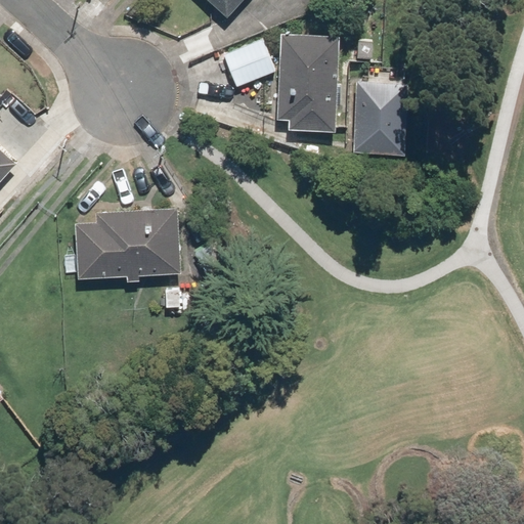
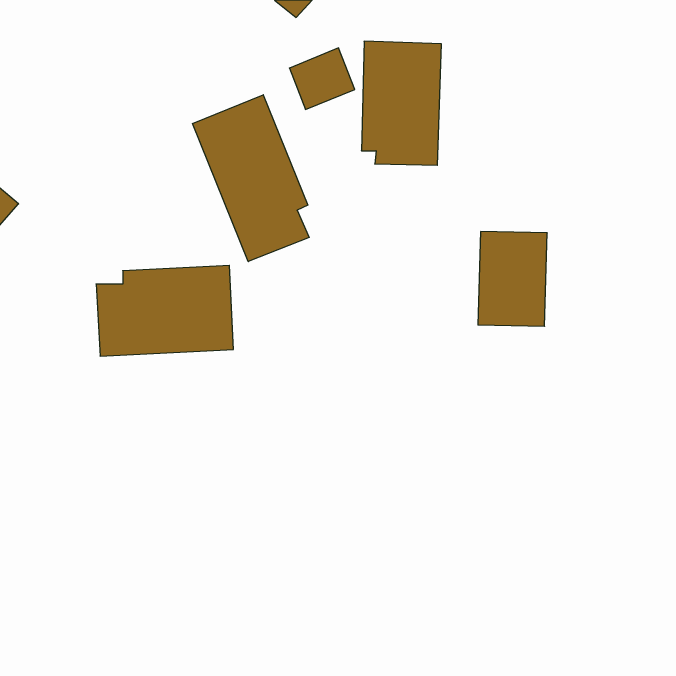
building: none -> [192,95,309,262]
building: [353,83,406,156] -> [478,232,547,326]

